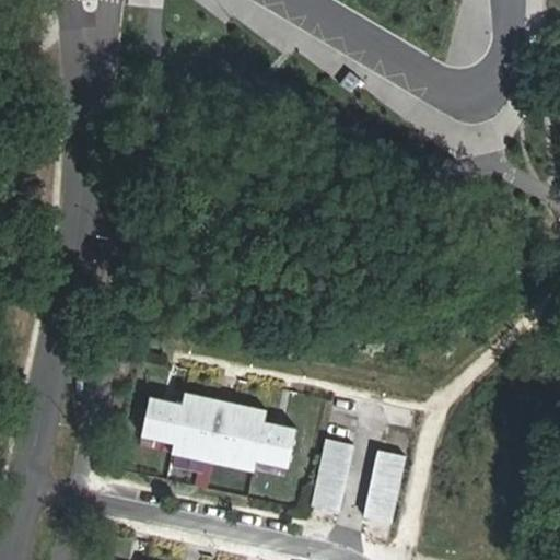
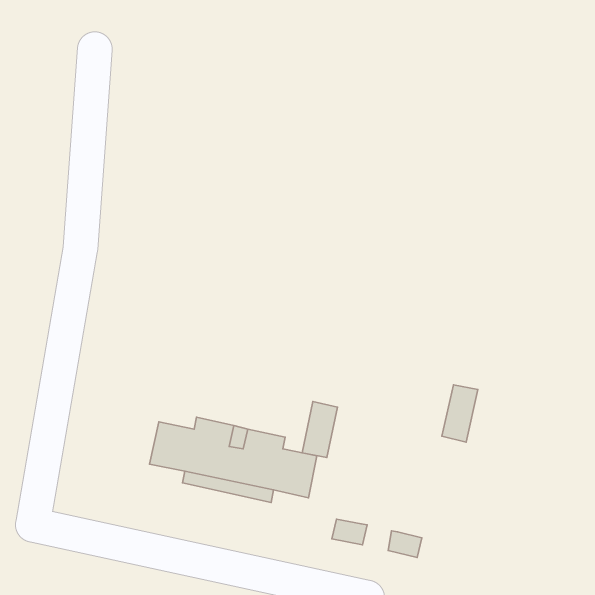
building: [315,440,348,492] -> [302,401,337,458]
building: [372,452,406,505] -> [442,385,478,442]

